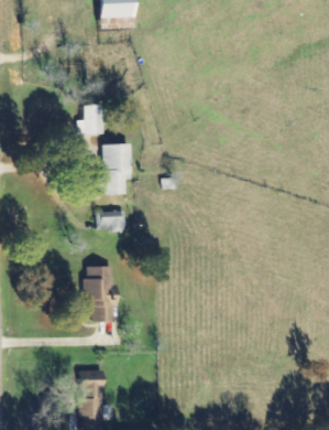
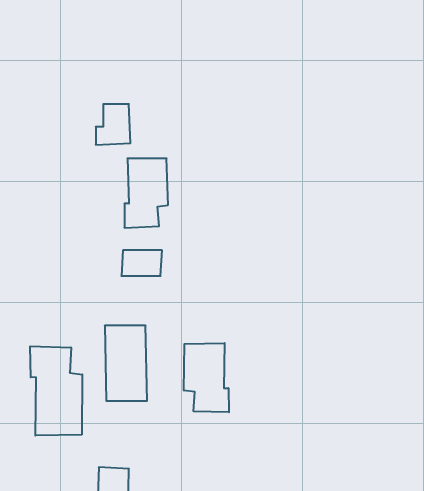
building: none -> [184,343,229,412]
building: none -> [30,346,82,436]

